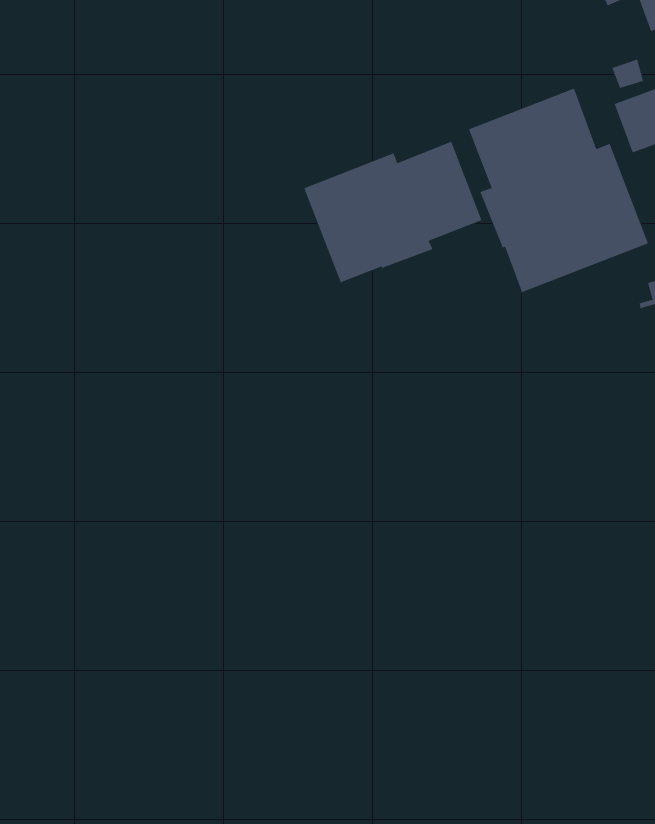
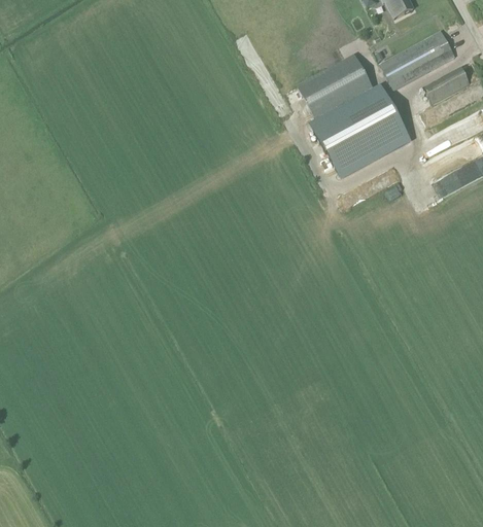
building: [304,141,482,283] -> none

